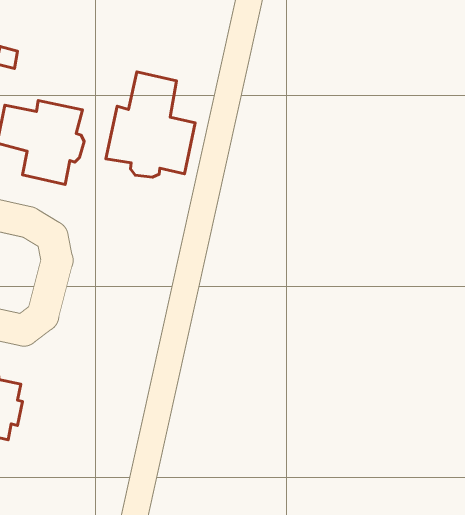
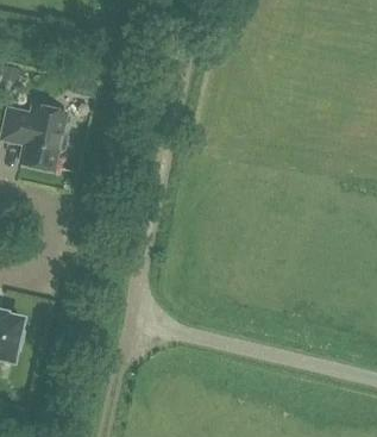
building: [106,72,195,177] -> none

